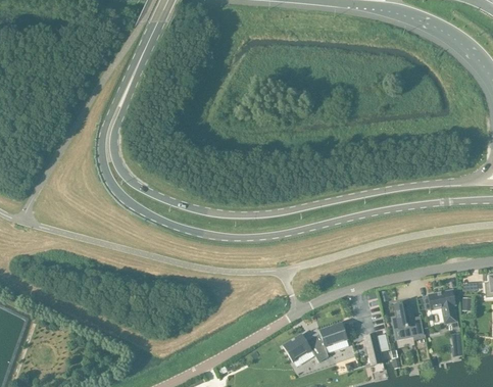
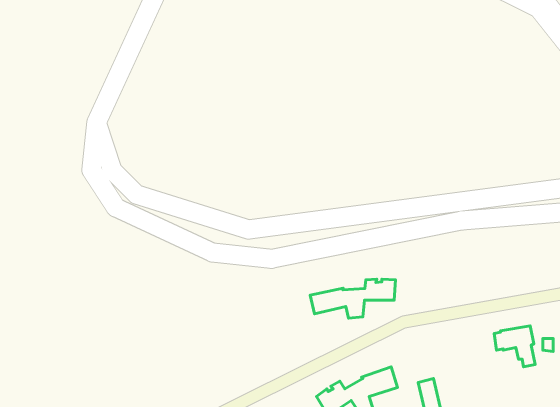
building: none -> [310,279,396,318]
building: [392,301,424,338] -> none

